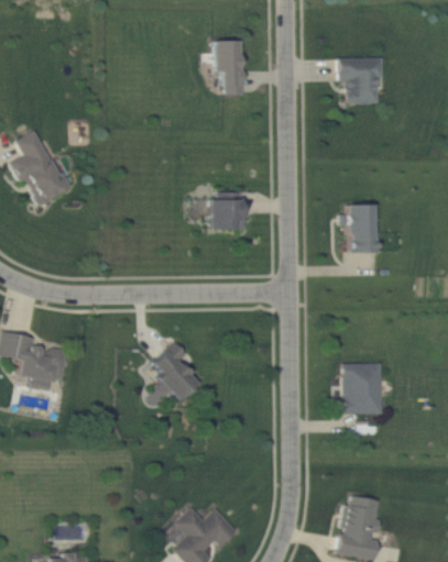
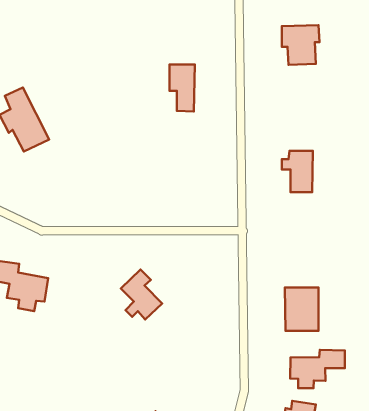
building: [215,40,244,95] -> [169,64,195,112]
building: [210,194,244,229] -> none
building: none -> [290,350,345,388]

